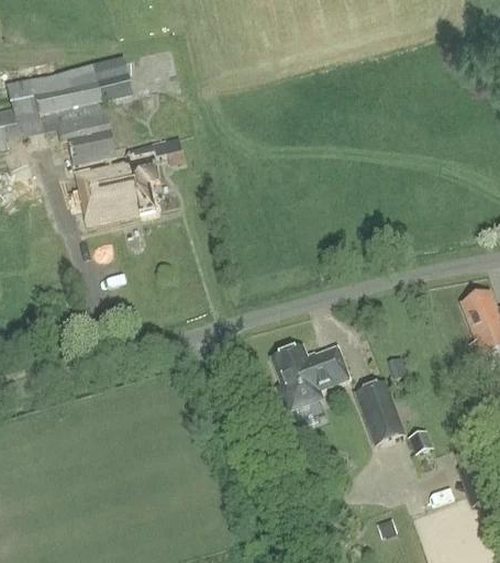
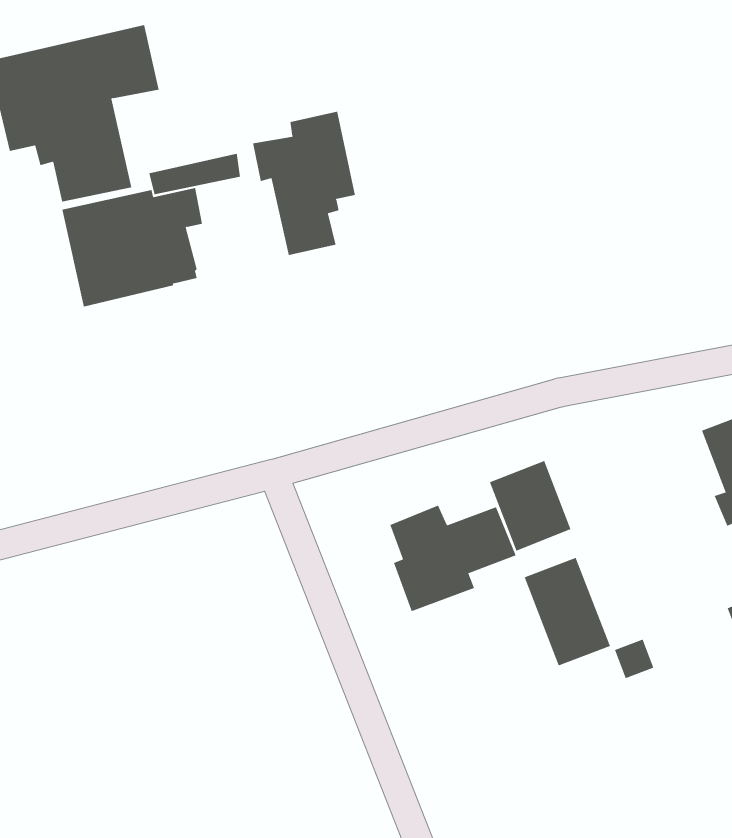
building: none -> [252,111,355,256]
building: none -> [489,460,571,551]

